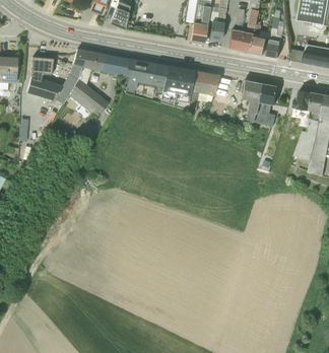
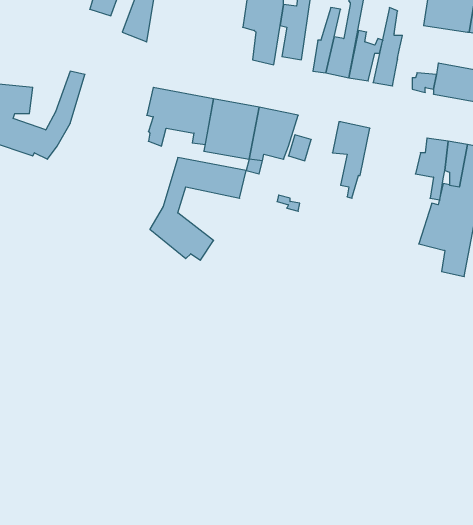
building: [68,50,128,114] -> [150,158,246,260]
building: [254,83,277,126] -> none

